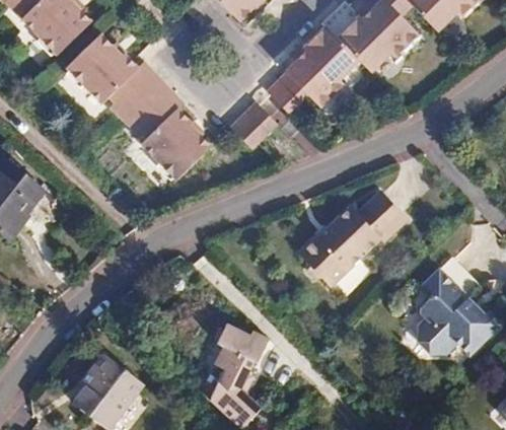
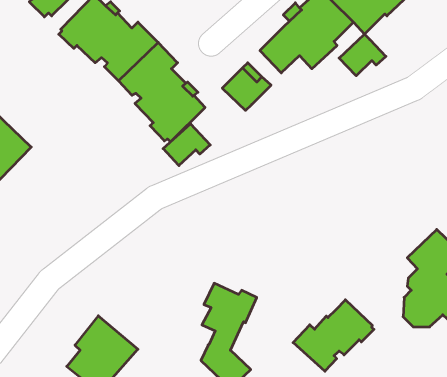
building: none -> [339,34,386,76]
building: none -> [163,124,210,166]
building: [298,195,406,289] -> none
building: none -> [293,300,374,371]

